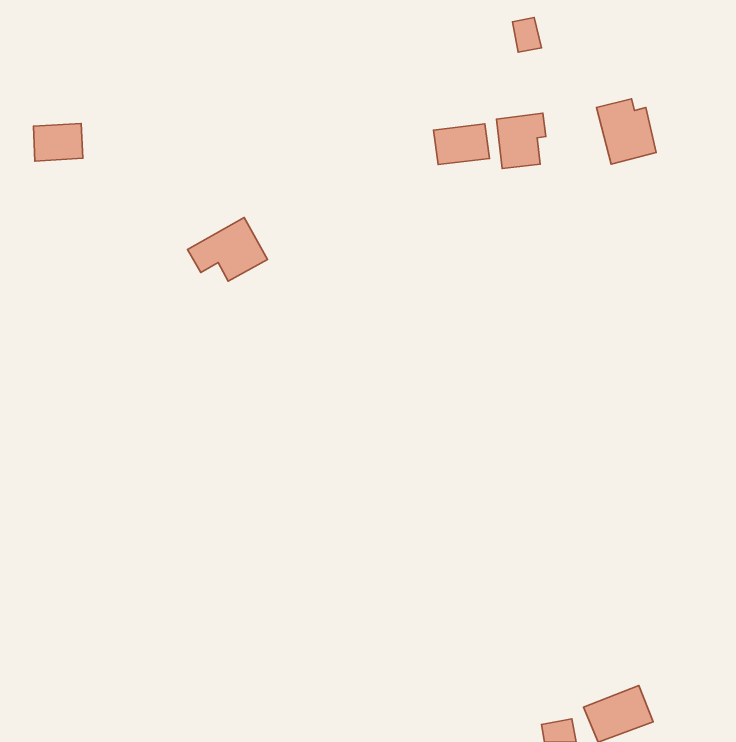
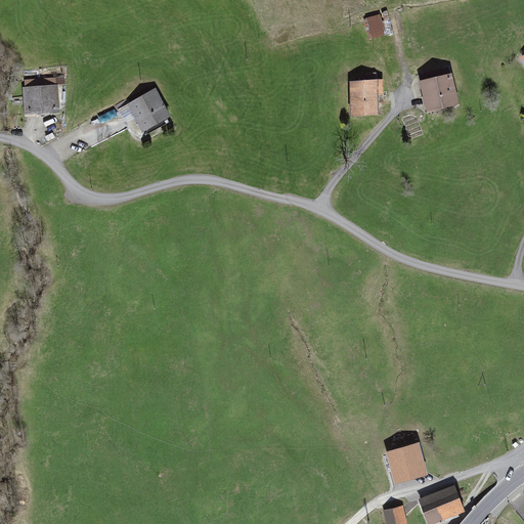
building: [433,124,490,165] -> none
building: [188,217,267,281] -> [115,87,171,132]
building: none -> [392,447,425,475]

